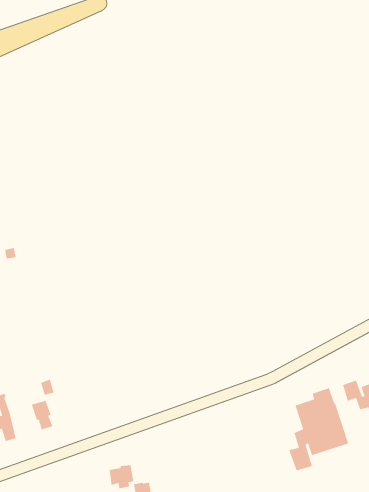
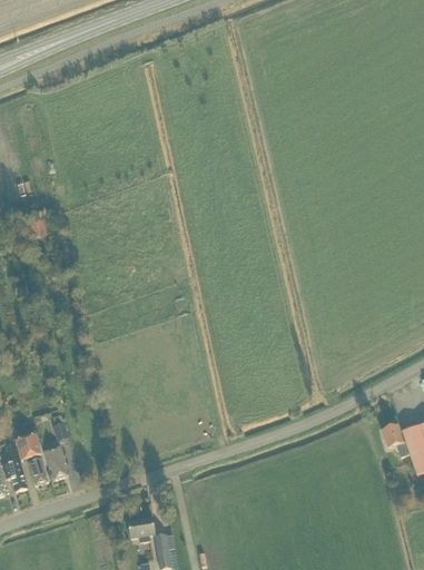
building: [288,387,349,471] -> none
building: none -> [13,433,47,484]

